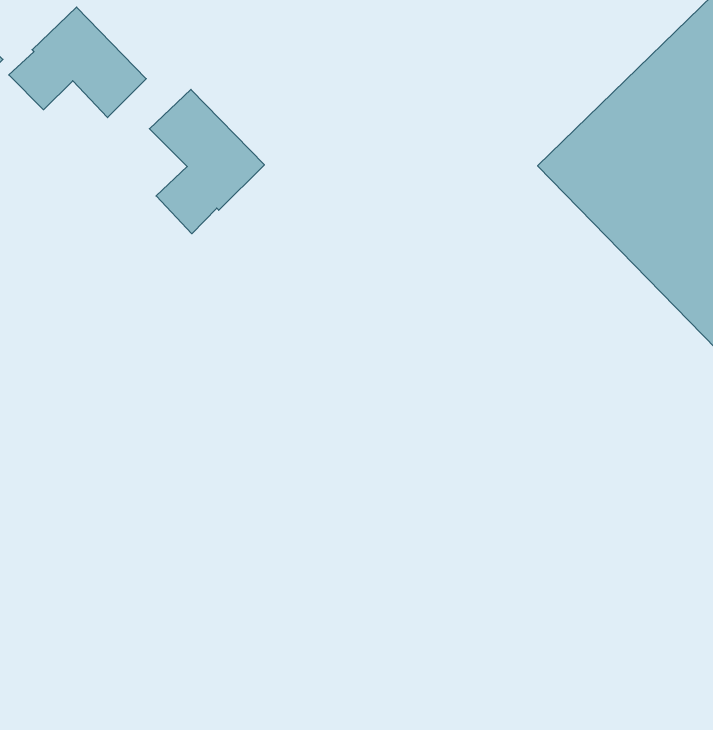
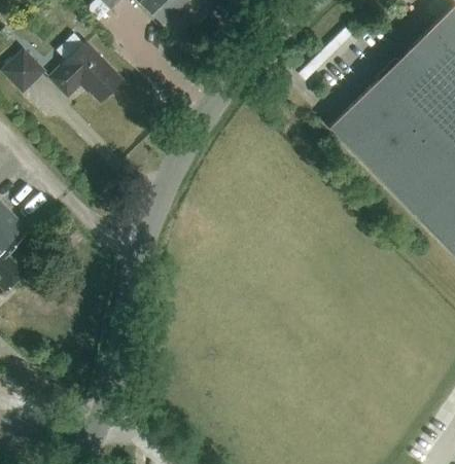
building: [149,89,264,234] -> none

